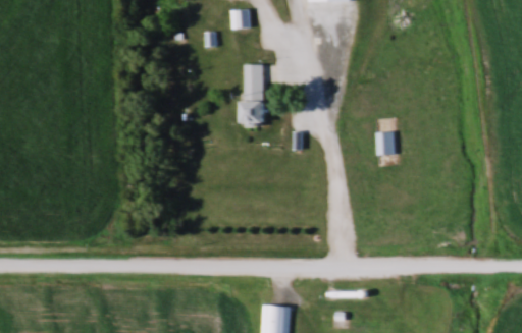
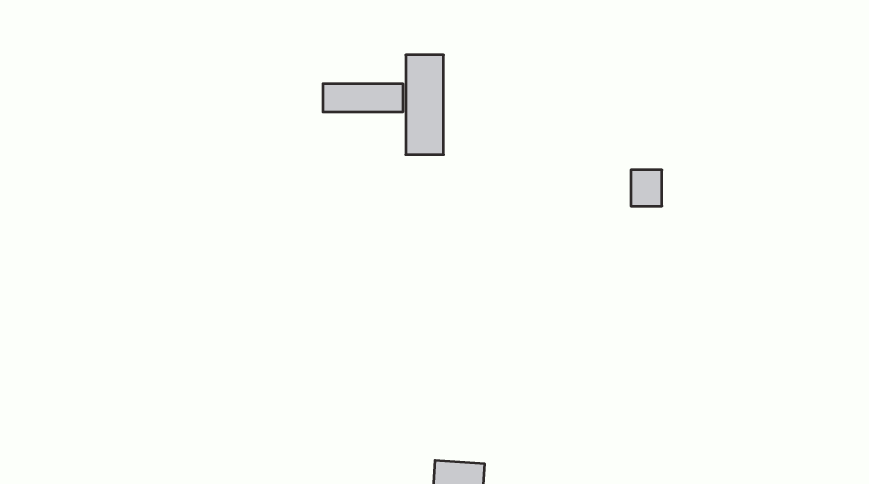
building: none -> [323,84,403,112]

